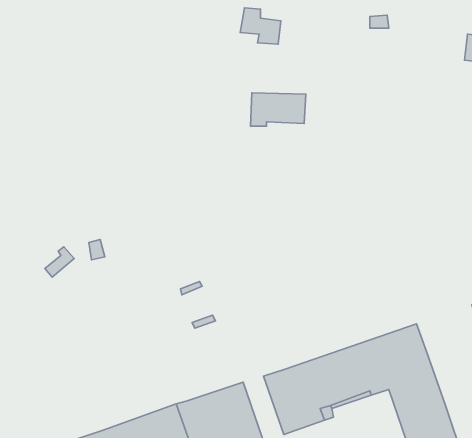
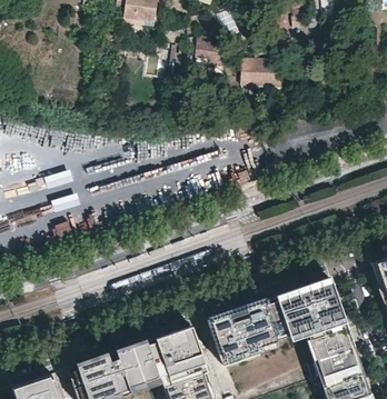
building: [250,93,306,126] -> [240,59,282,84]

